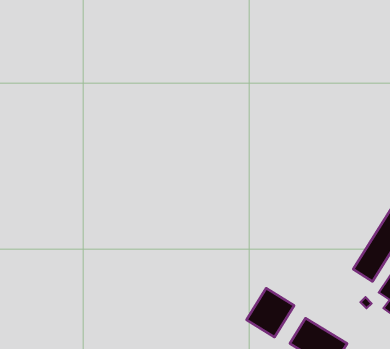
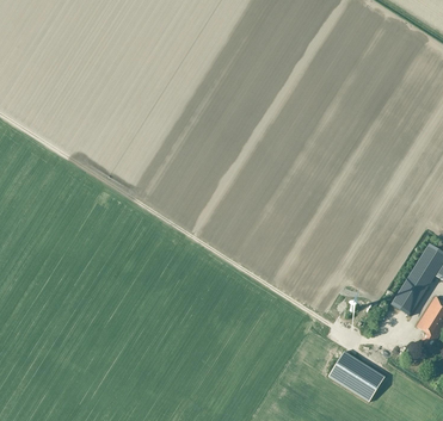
building: [246,288,294,337] -> none

